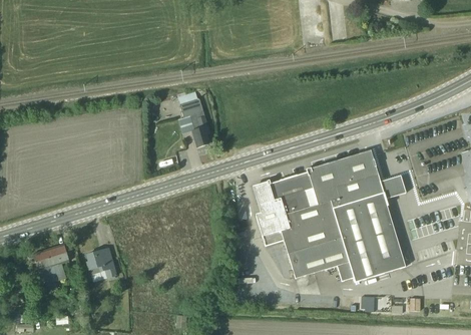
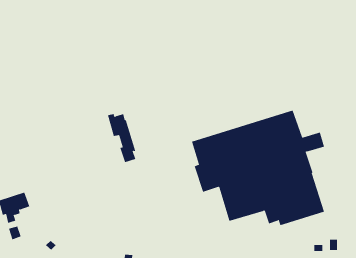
building: [176,90,209,146] -> [107,114,136,163]
building: [86,247,116,281] -> none

